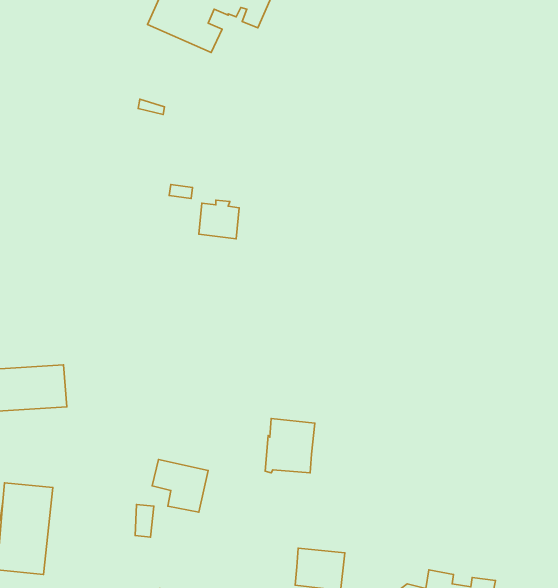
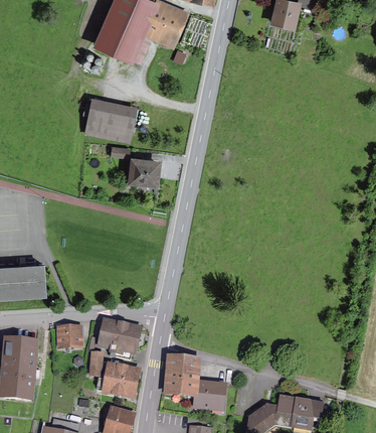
building: none -> [88,106,134,139]
building: [265,418,315,473] -> [166,360,198,396]
building: none -> [58,329,79,347]
building: none -> [98,369,137,396]

